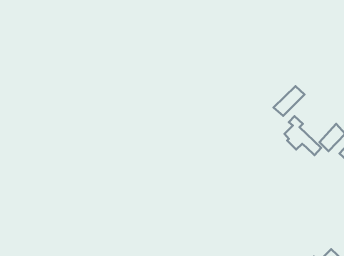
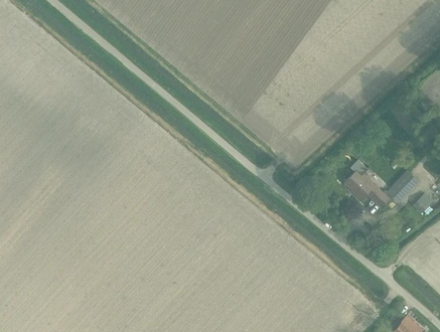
building: [273,86,305,116] -> none

